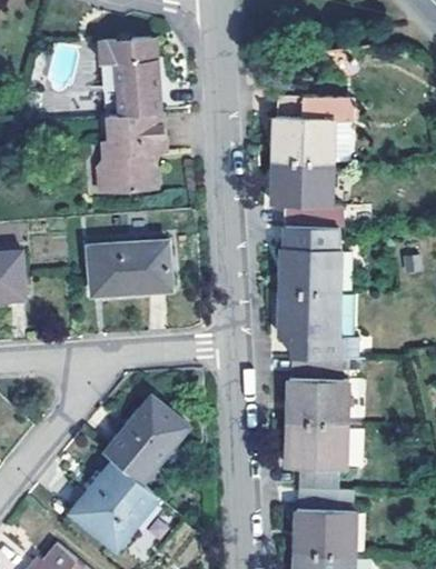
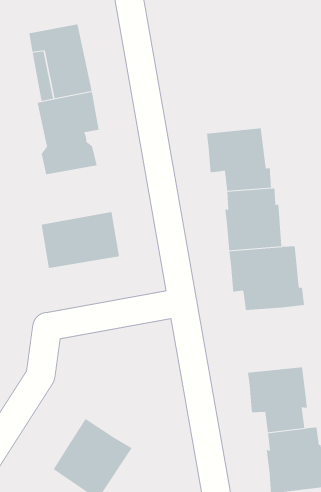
building: [277,106,349,172] -> none
building: [290,365,351,432] -> none
building: [102,395,187,482] -> none

